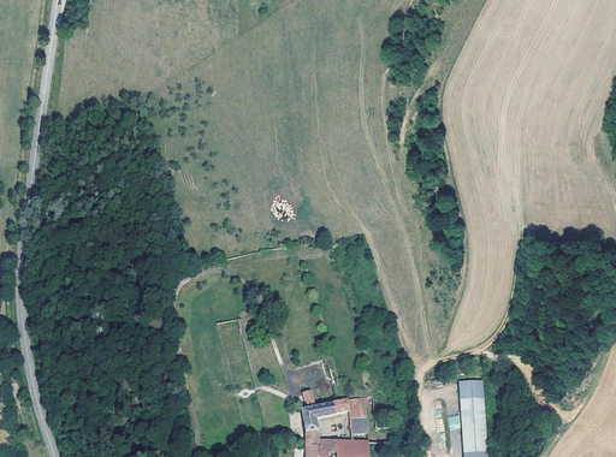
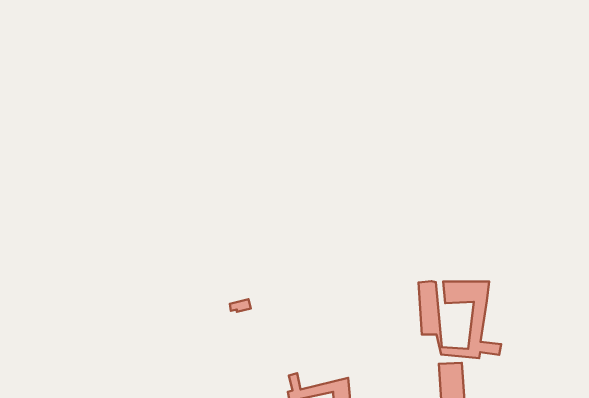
building: none -> [418,281,501,358]

